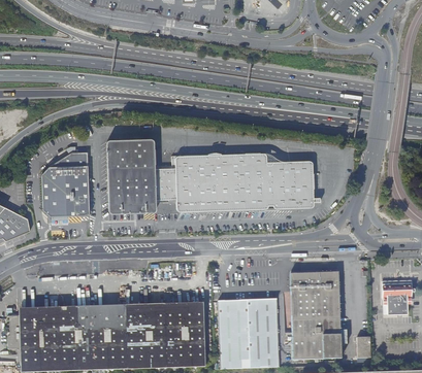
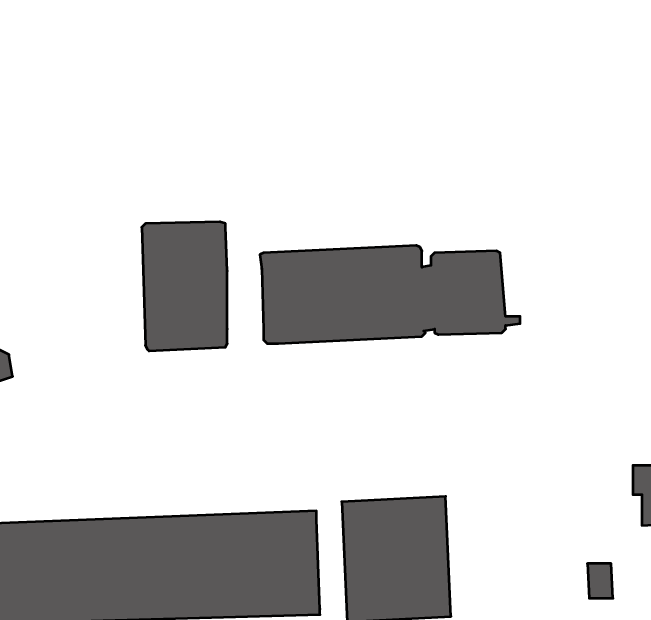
building: [40,151,88,214] -> none
building: [154,164,174,207] -> none
building: [290,270,340,358] -> none

